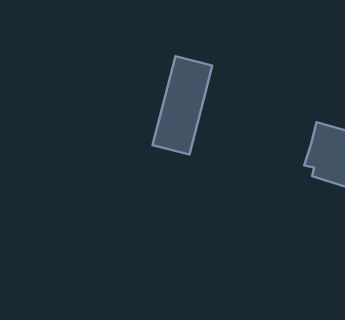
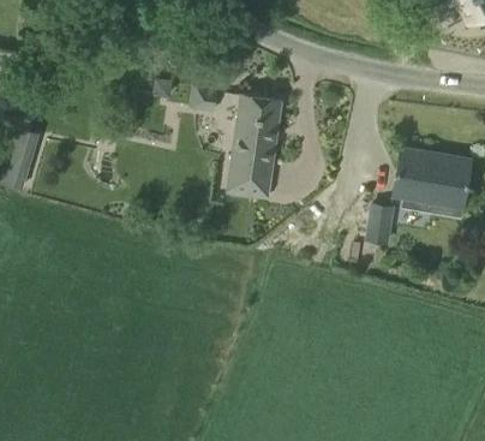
building: none -> [367,203,394,244]

